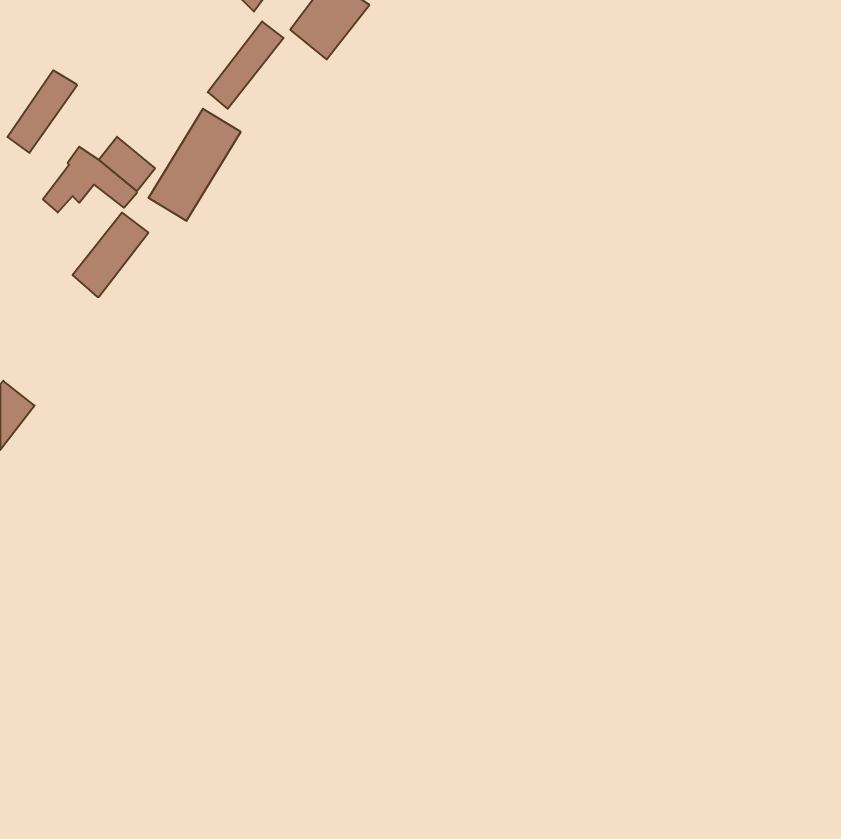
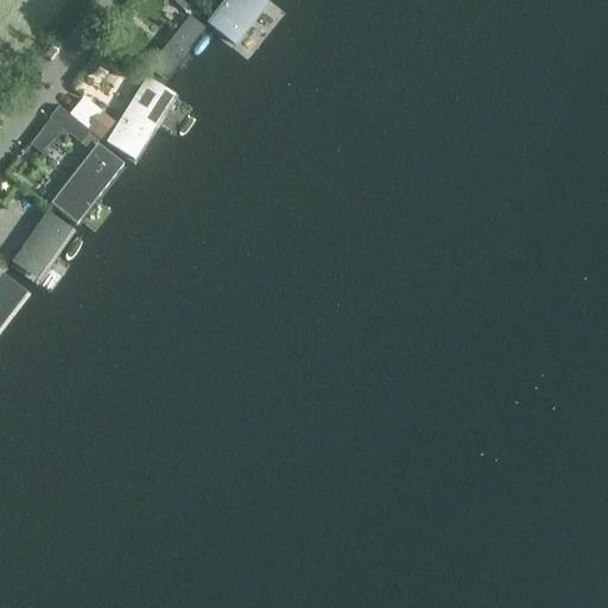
building: [7,70,77,153] -> none
building: none -> [17,213,71,267]

